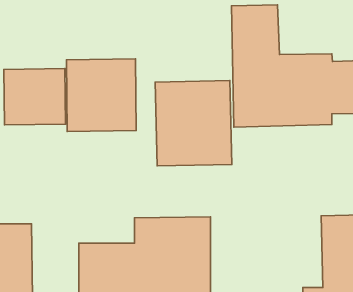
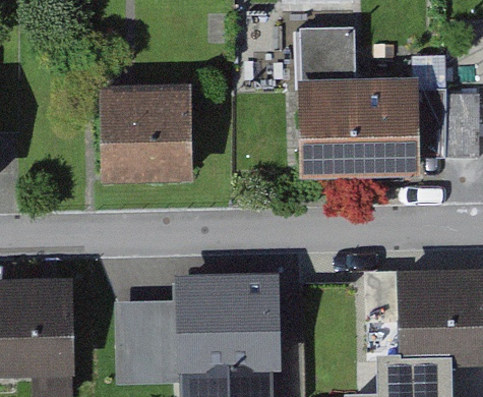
building: [4,69,65,125] -> none
building: [155,81,232,166] -> none

